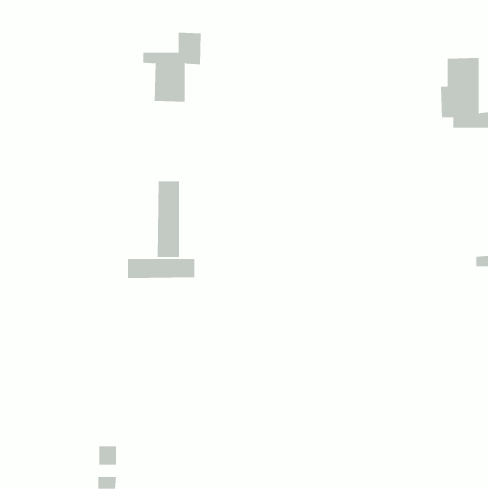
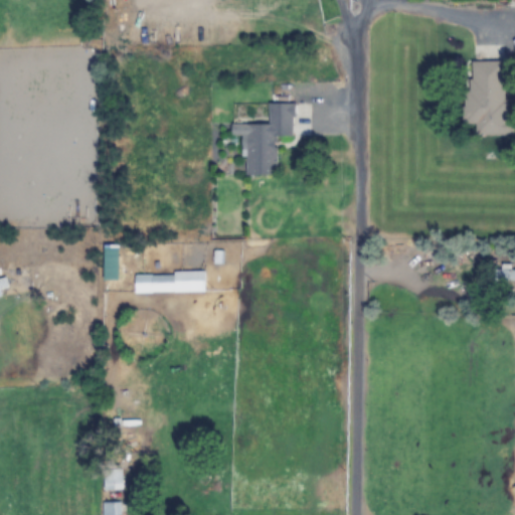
building: [142,32,202,102] -> [232,103,295,176]
building: [157,181,180,258] -> none

